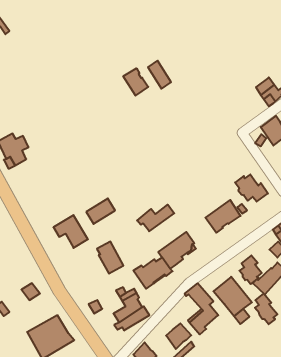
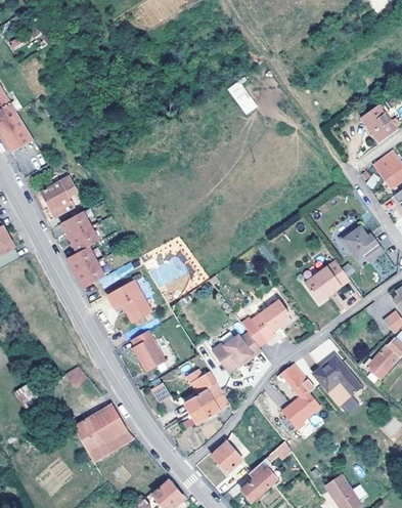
building: [123,68,148,96] -> none
building: none -> [61,211,105,287]
building: [137,205,174,231] -> none
building: [97,242,123,274] -> [132,331,166,372]
building: [239,255,262,284] -> none
building: [255,294,277,324] -> none
building: [166,323,191,349] -> none

